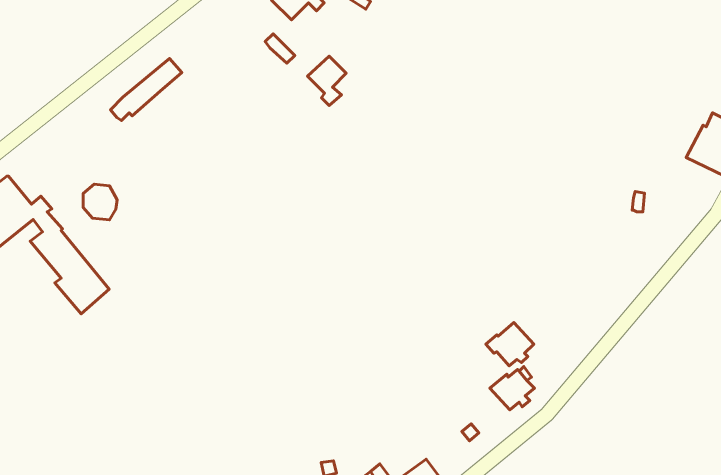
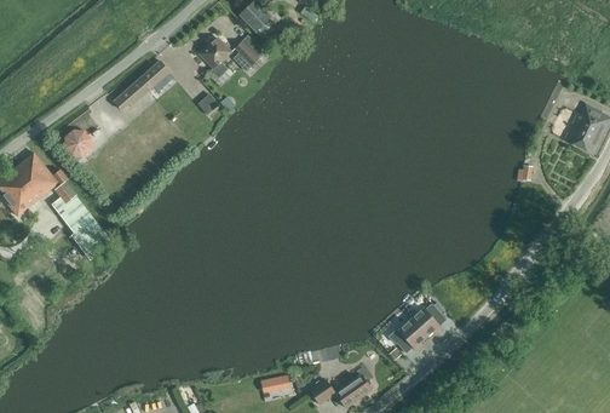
building: [308,56,346,106] -> [200,38,230,76]
building: [83,184,117,220] -> [64,130,91,157]
building: [486,322,534,366] -> [389,319,426,352]

